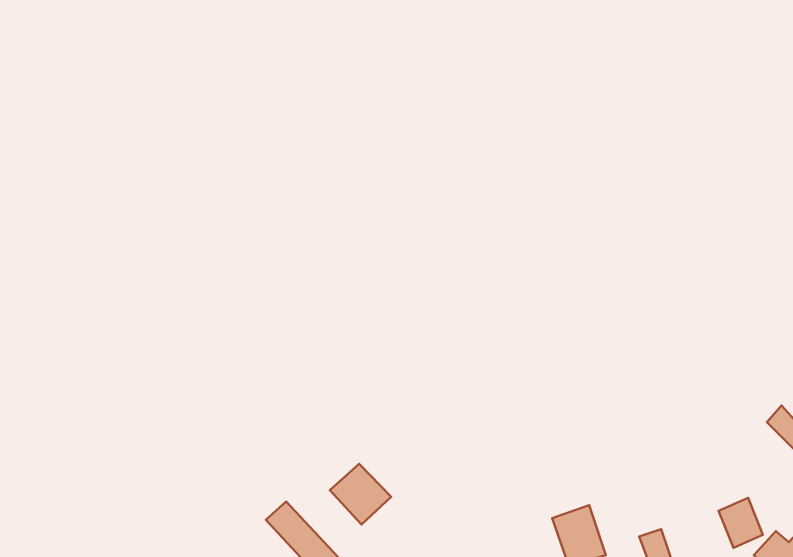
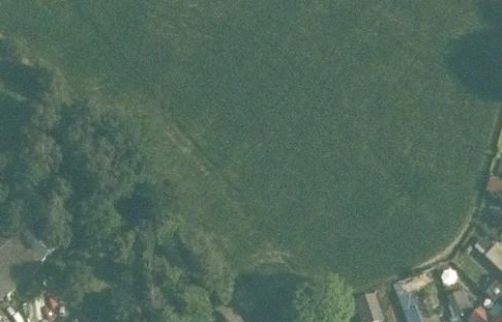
building: [330,464,391,525] -> none

